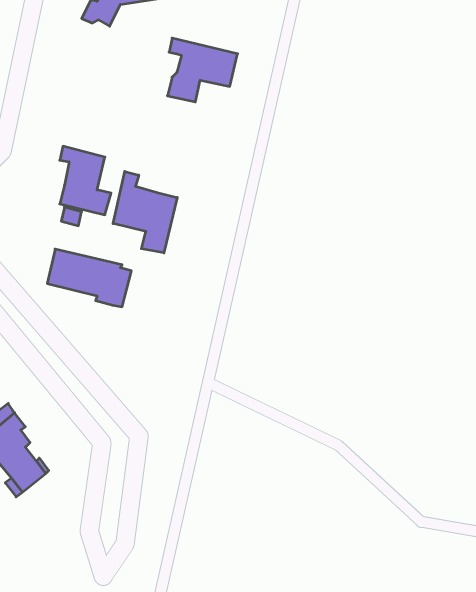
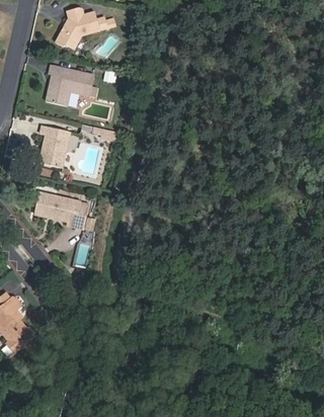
building: [167,38,238,102] -> [48,65,93,106]
building: [113,171,177,253] -> none

